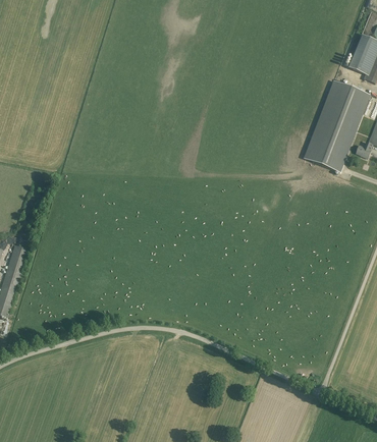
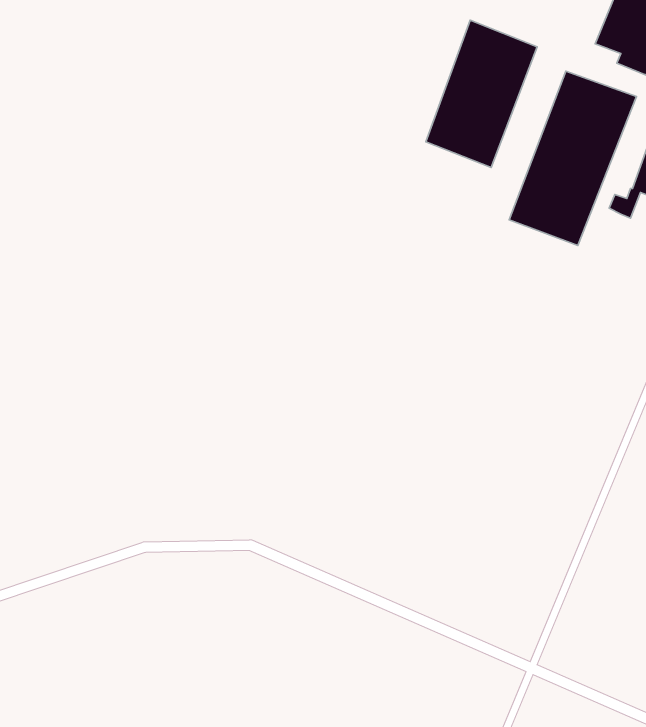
building: none -> [426,20,537,167]

